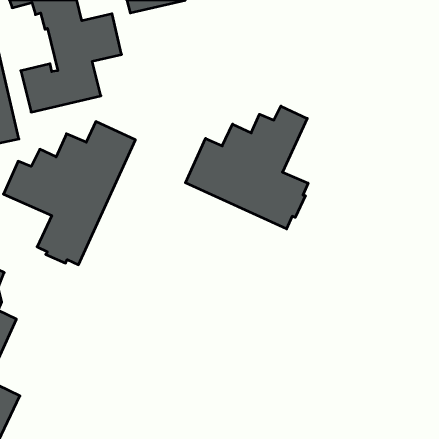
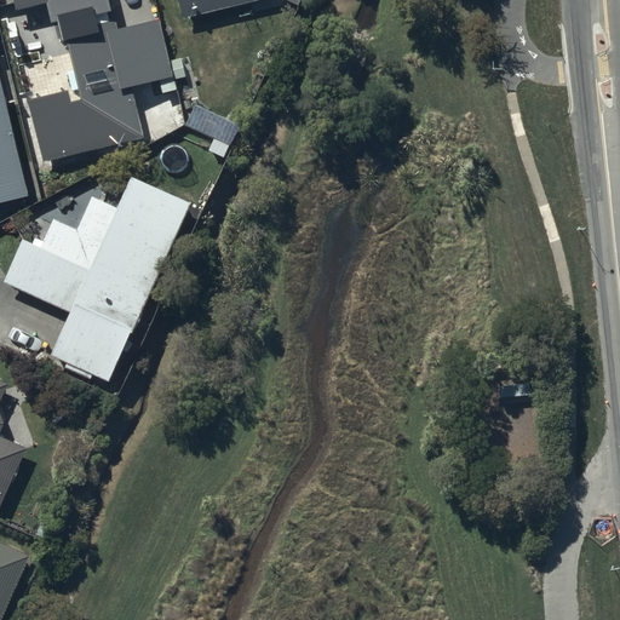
building: [185,106,308,229] -> none

